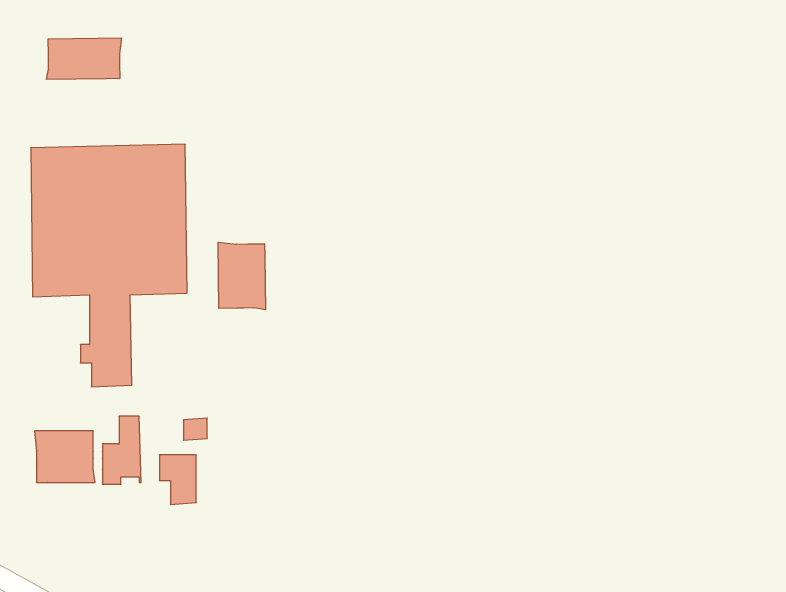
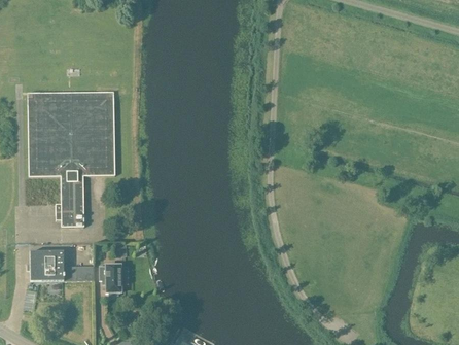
building: [46,38,122,79] -> none
building: [218,242,265,310] -> none

